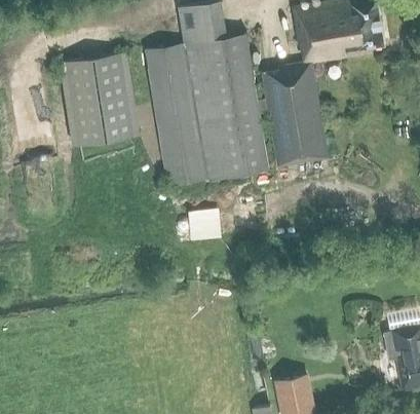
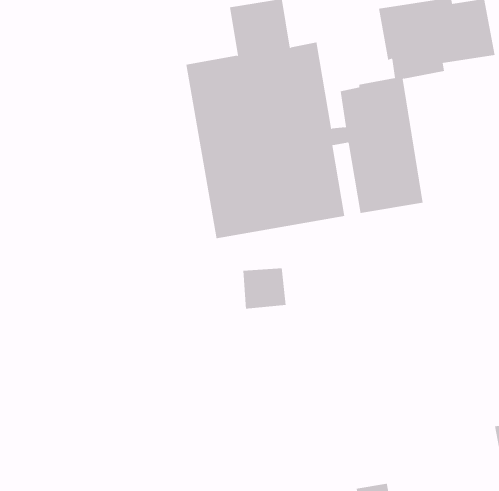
building: [61,55,139,148] -> none

